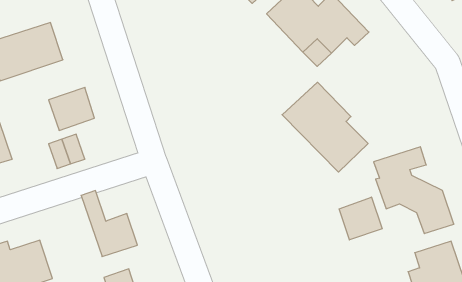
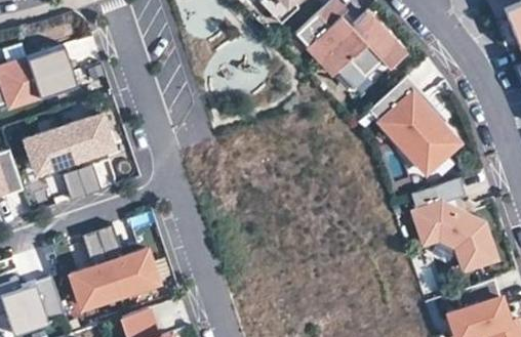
building: [282,82,368,172] -> [368,76,460,172]
building: none -> [22,128,73,174]
building: none -> [70,230,119,309]
building: [339,197,382,240] -> none

